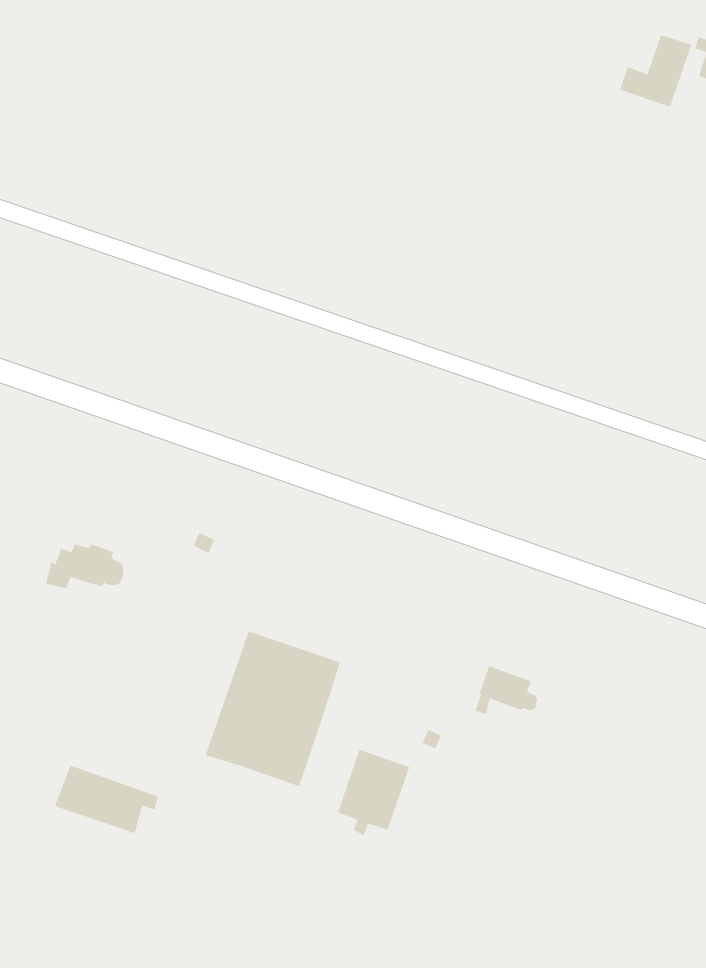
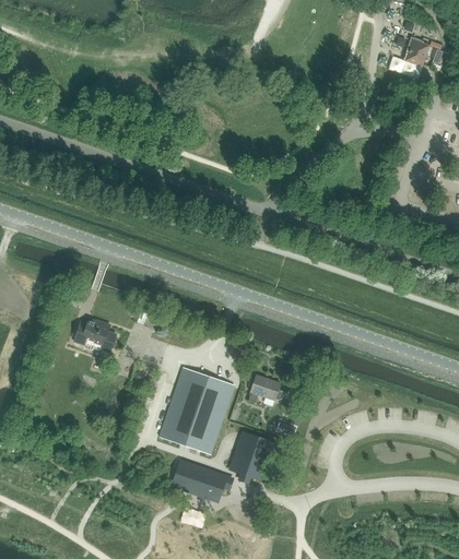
building: [475,665,538,715] -> [248,374,283,402]
building: [54,765,159,834] -> [173,462,231,500]

